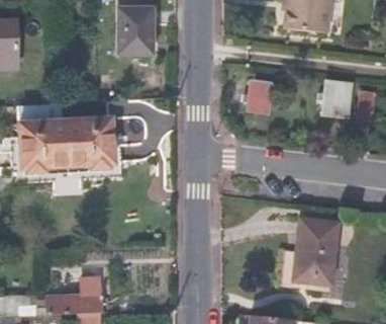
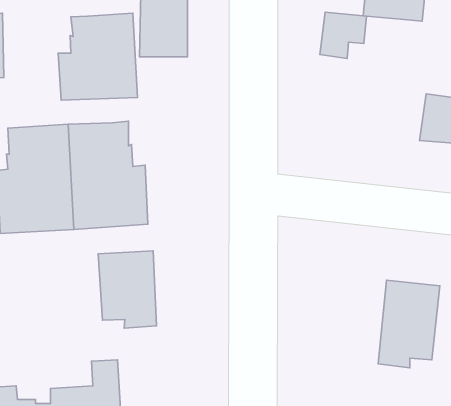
building: none -> [58,13,137,100]
building: [249,79,283,113] -> [320,12,366,59]
building: none -> [98,251,157,328]

